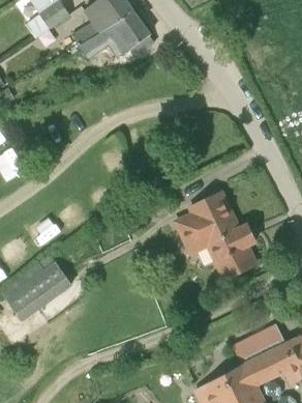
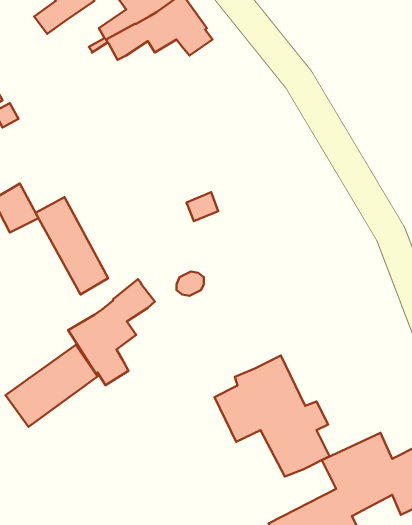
building: none -> [36,197,108,295]
building: [174,192,256,279] -> [215,355,330,476]
building: none -> [68,279,155,385]

